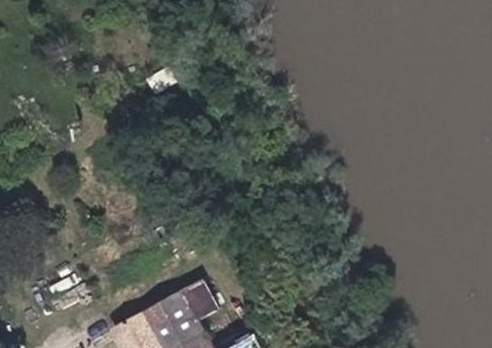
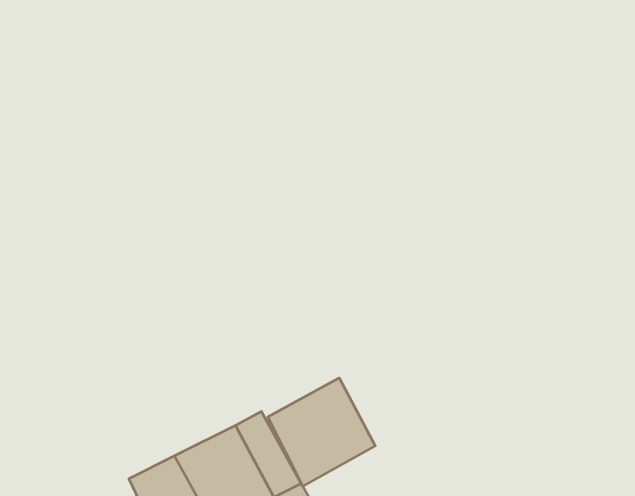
building: none -> [268,378,375,486]

